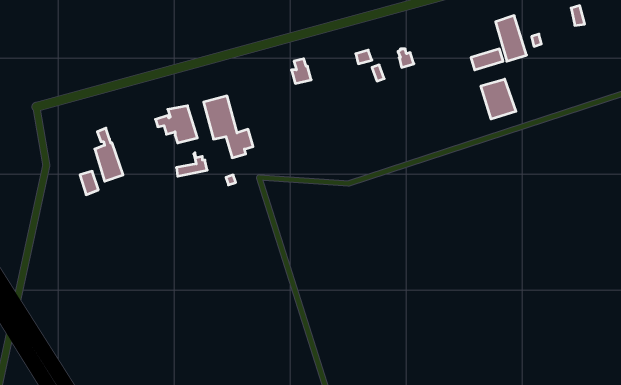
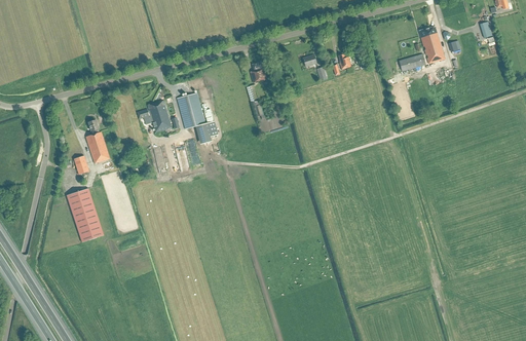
building: [481,79,516,119] -> none
building: none -> [67,188,104,241]

